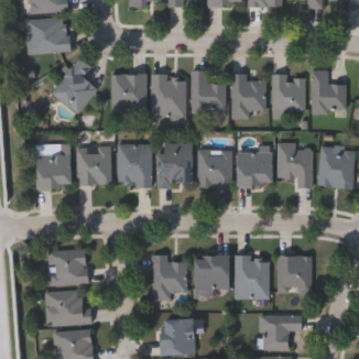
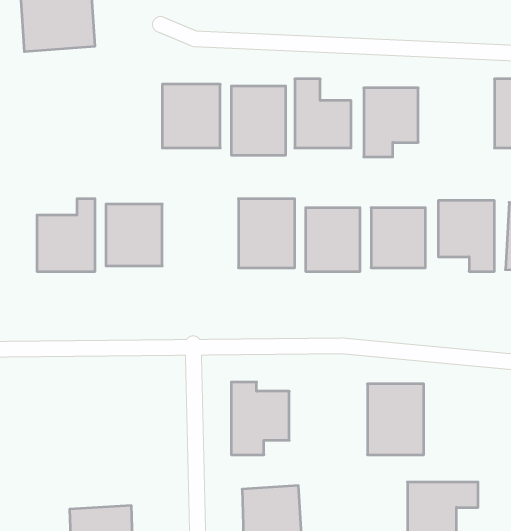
building: [51,58,96,115] -> none
building: [272,76,305,111] -> none
building: [118,144,151,186] -> none
building: [48,250,86,284] -> none
building: [193,257,227,290] -> none
building: [278,257,312,294] -> none
building: [47,290,90,326] -> none

